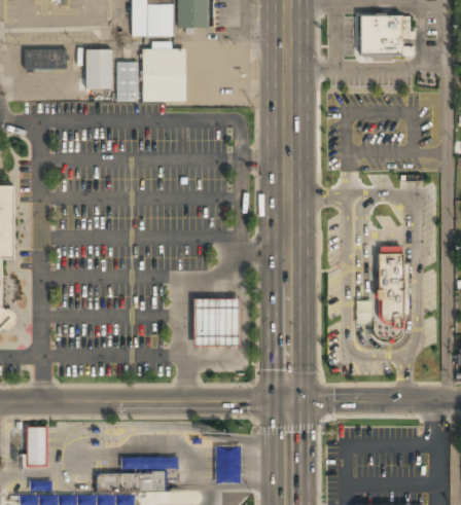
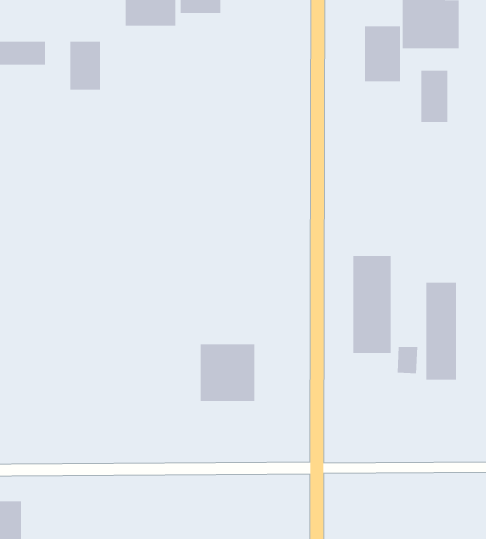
building: none -> [365,26,401,82]
building: [117,48,185,101] -> none
building: none -> [421,70,448,123]
building: none -> [353,255,391,354]

